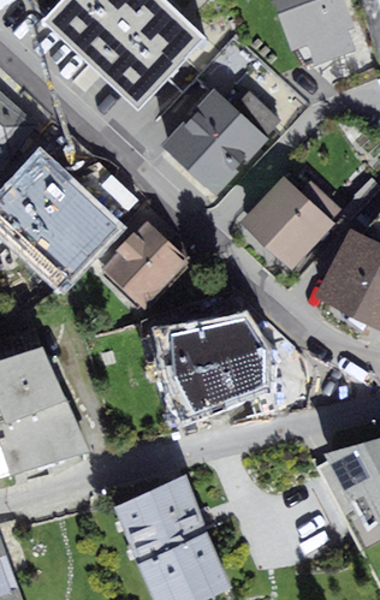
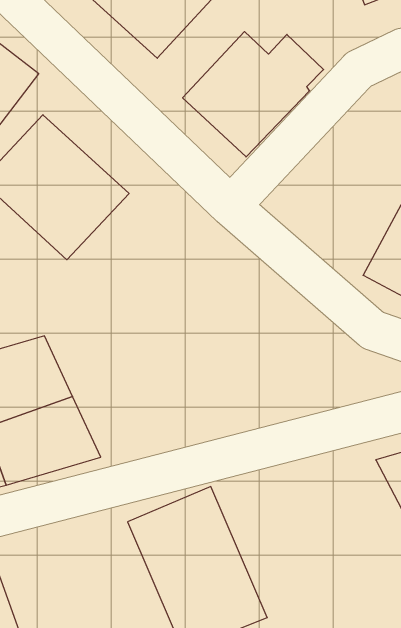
building: [239,176,333,269] -> none
building: [101,220,188,307] -> none
building: [153,308,279,435] -> none

